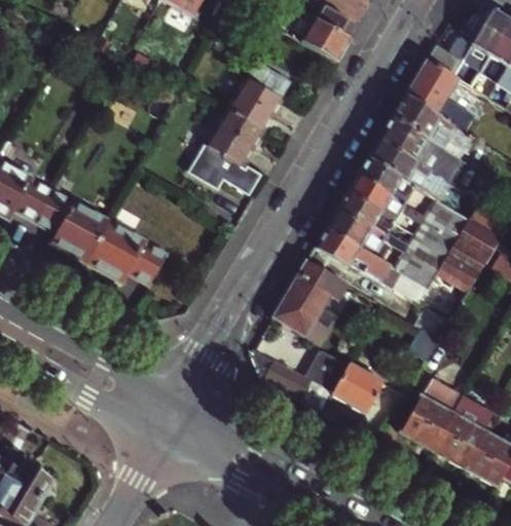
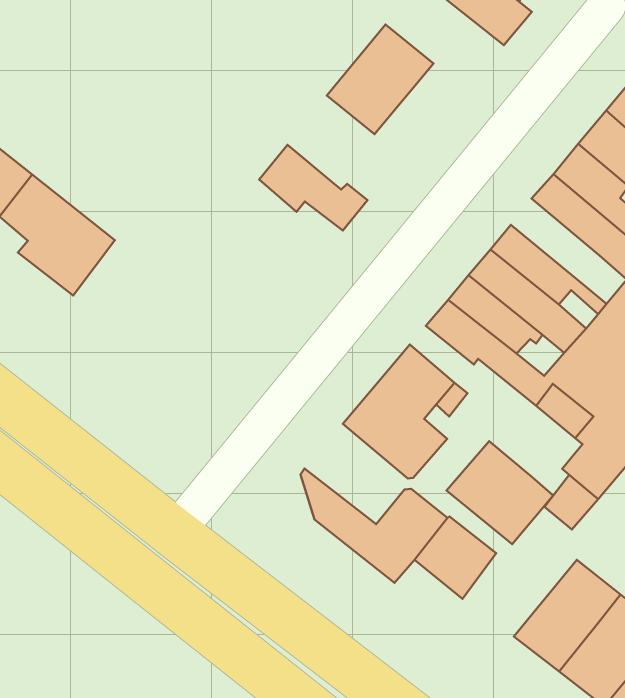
building: [210,112,263,166] -> none
building: [358,156,416,205] -> none
building: [90,224,167,285] -> none
building: none -> [446,441,553,544]

